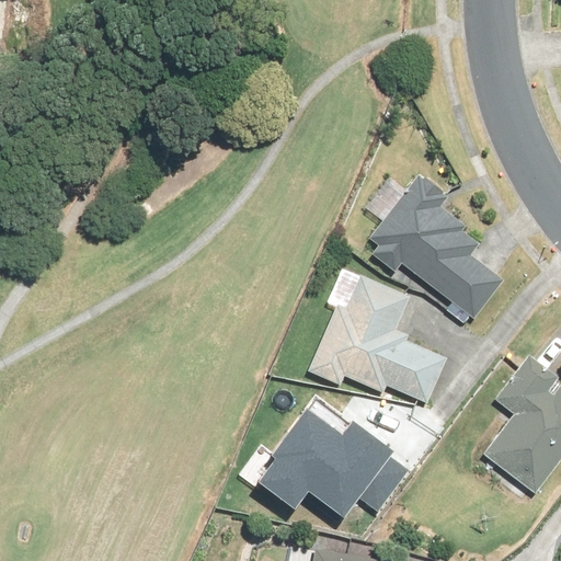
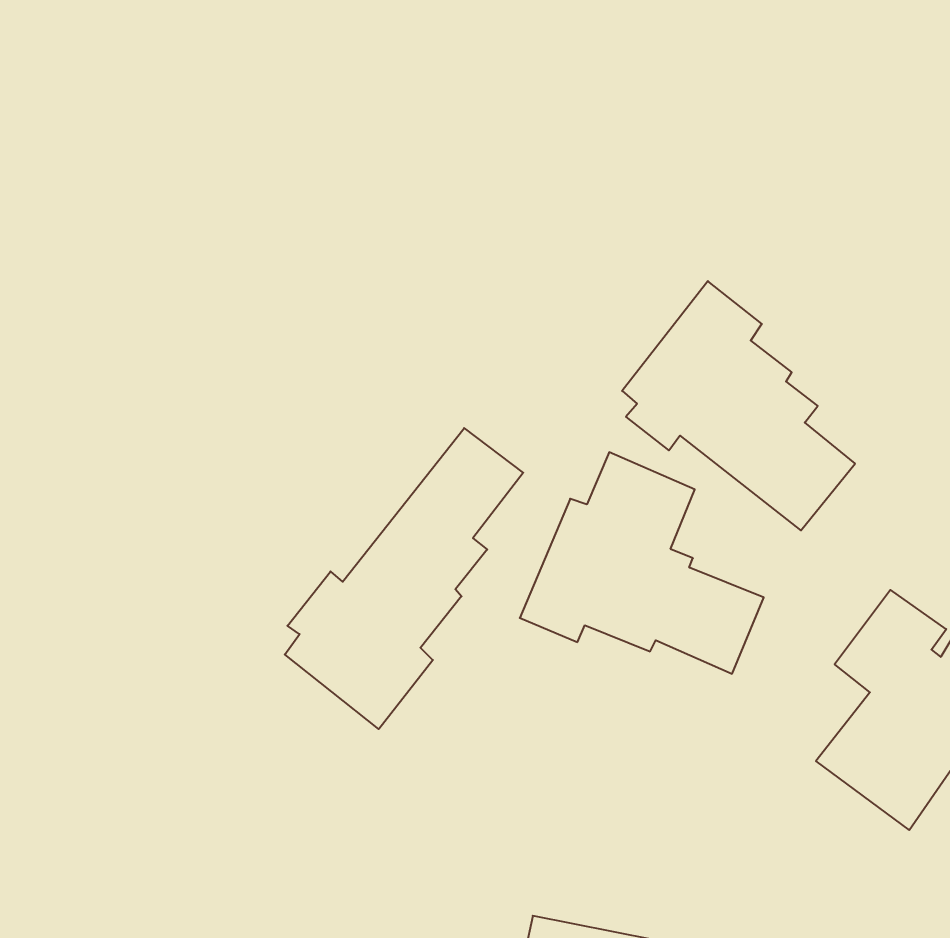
building: none -> [285,428,523,729]
building: [262,397,413,519] -> none

